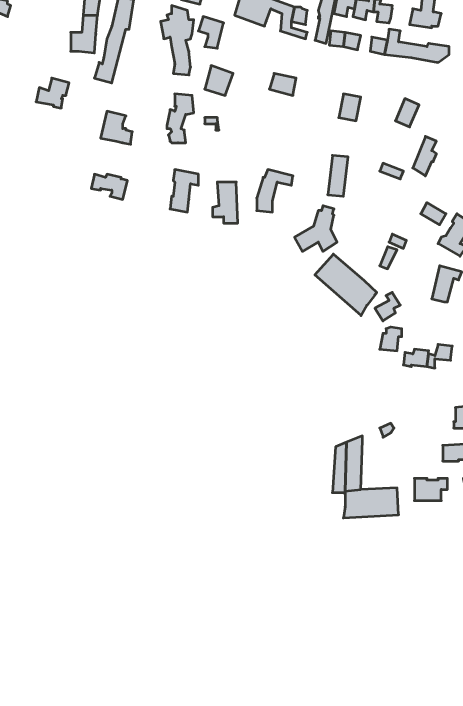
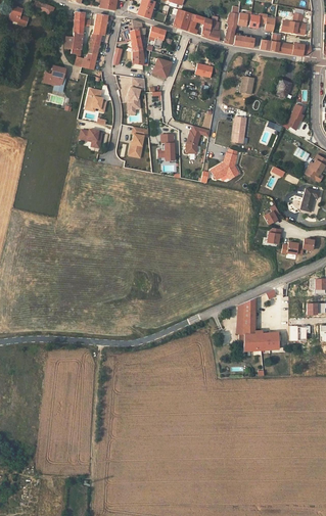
building: [315,254,377,316] -> none

